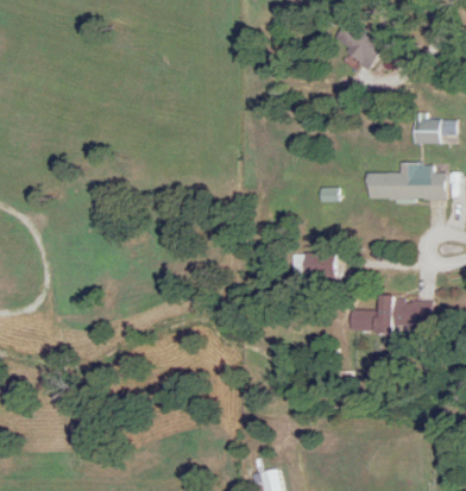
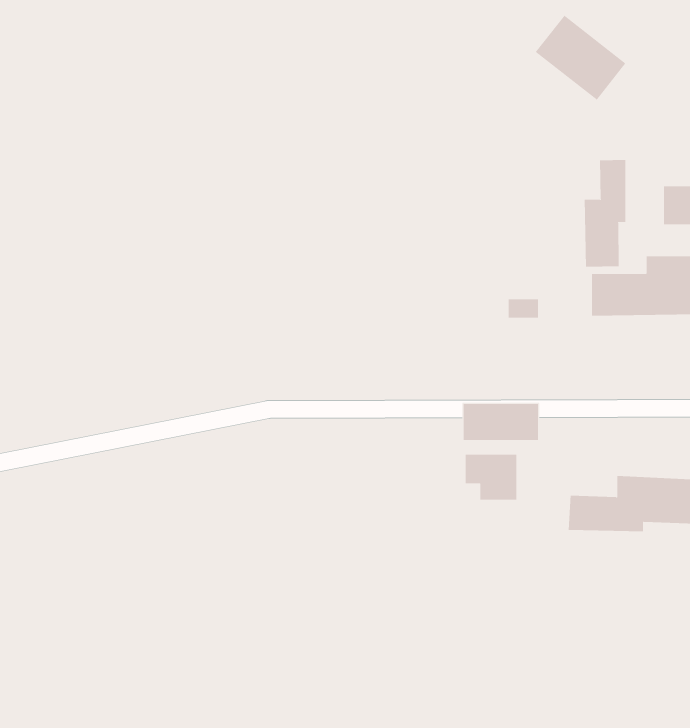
building: none -> [584,159,626,268]
building: none -> [465,454,517,500]

